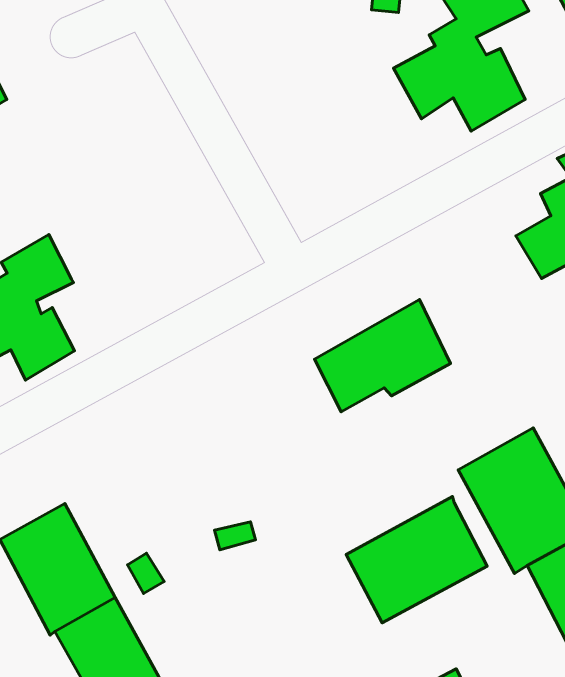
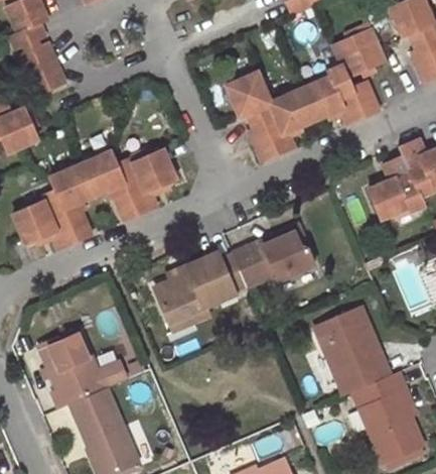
building: none -> [225,66,315,163]
building: none -> [85,147,176,223]
building: none -> [157,254,241,326]
building: [346,496,487,623] -> none

